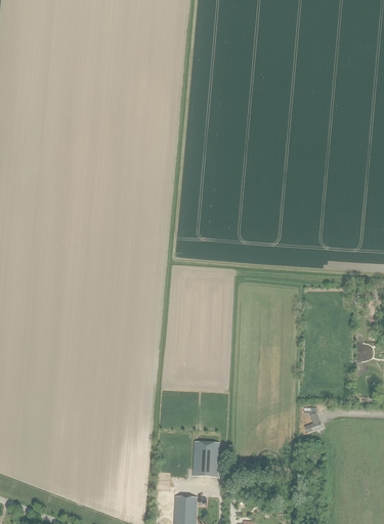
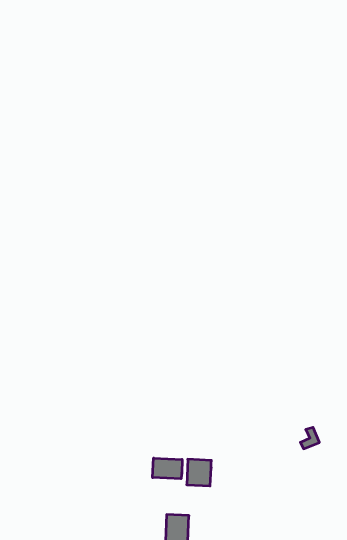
building: none -> [153,458,182,479]

